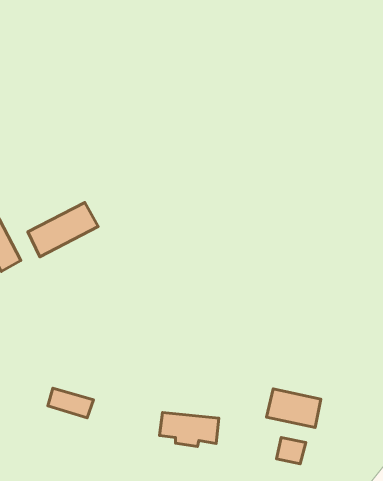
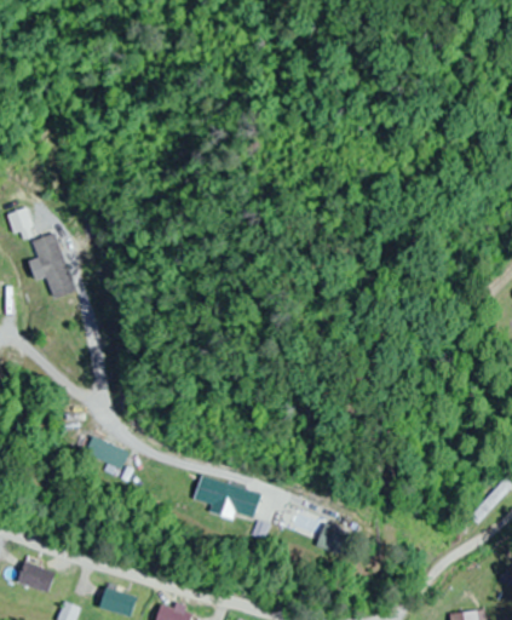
building: [28,202,98,257] -> none
building: [267,389,321,427] -> none

